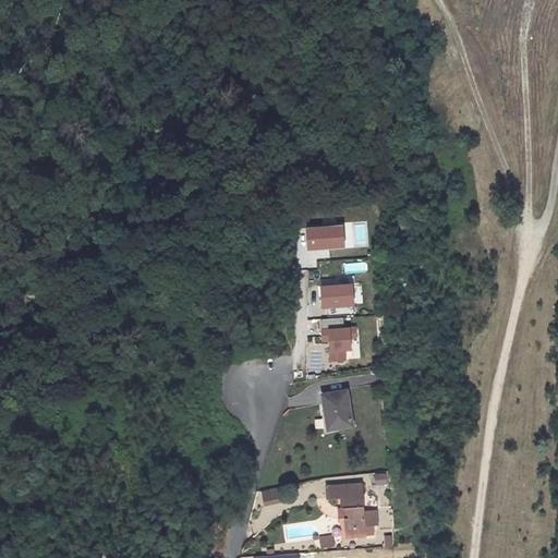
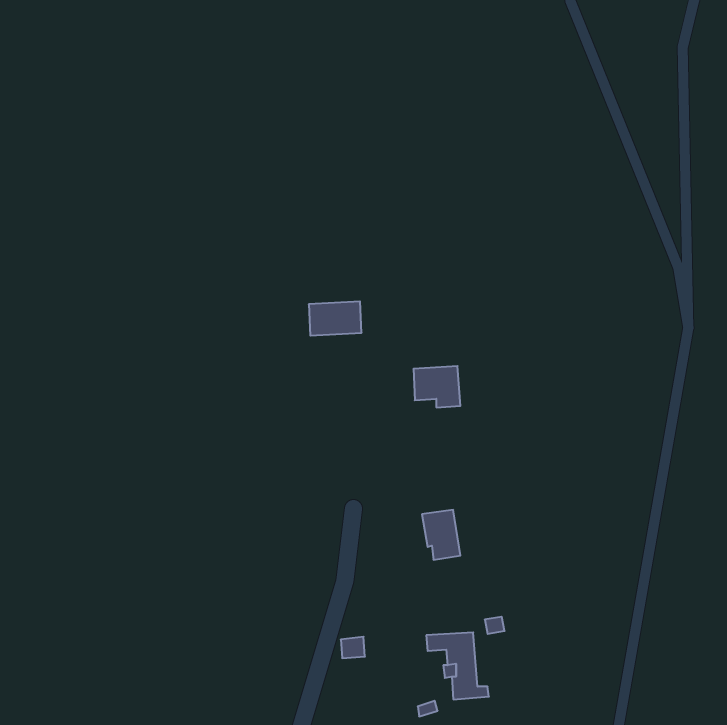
building: [302,223,342,250] -> [309,301,362,336]
building: [320,319,350,363] -> none

